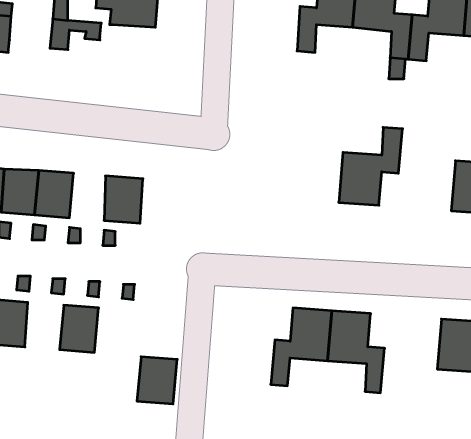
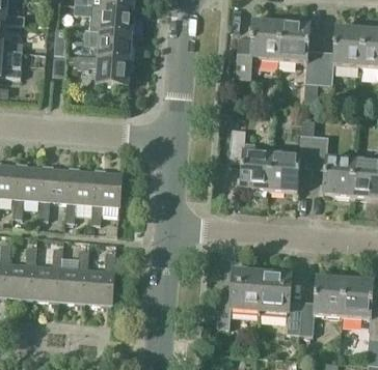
building: none -> [93,58,130,86]
building: none -> [230,130,270,191]
building: none -> [312,136,354,197]
building: none -> [65,169,92,204]
building: none -> [32,265,61,301]
building: none -> [298,276,344,334]
building: [137,357,177,404] -> [84,269,114,305]

